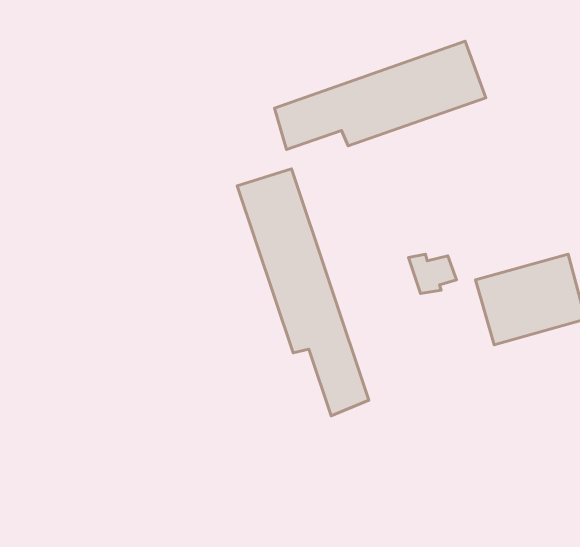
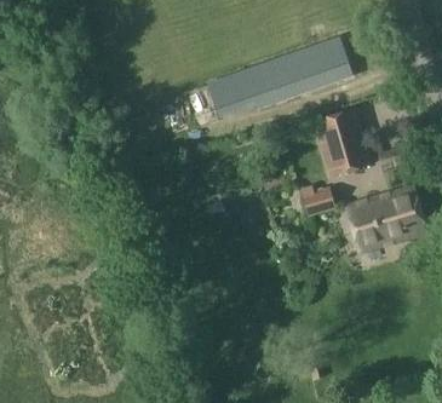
building: none -> [312,114,368,175]
building: [237,169,369,416] -> none

